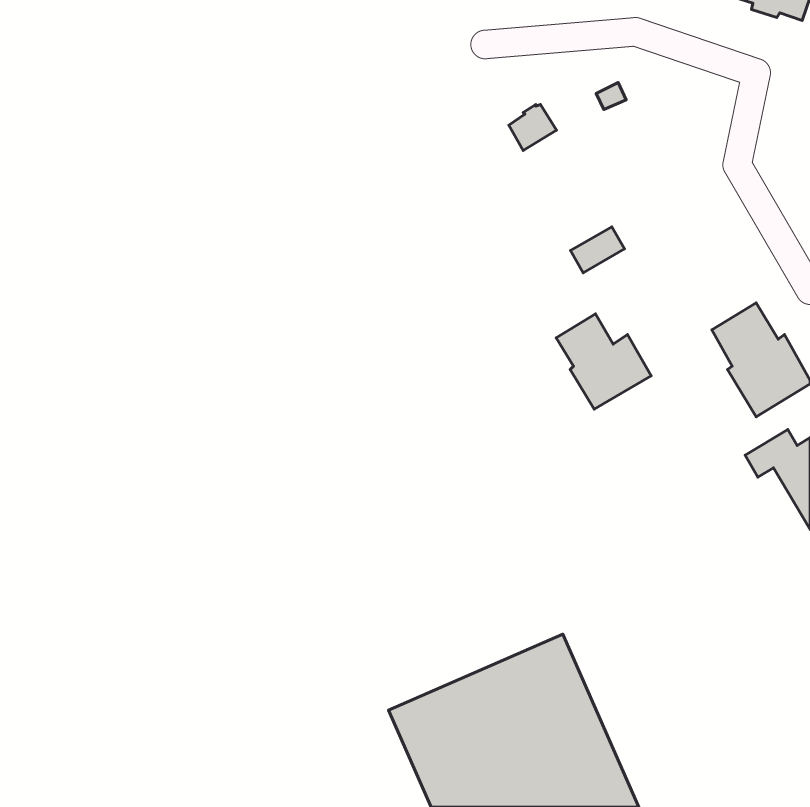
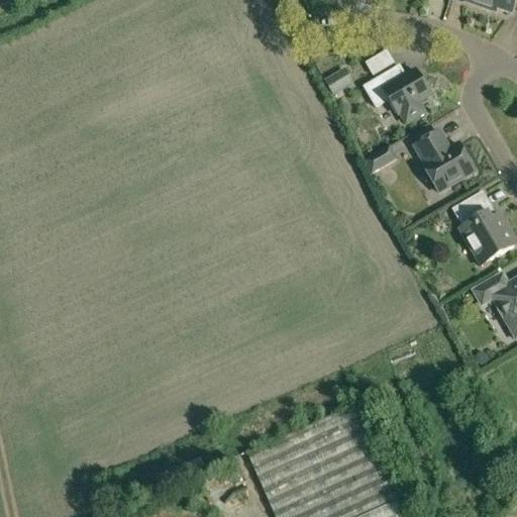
building: none -> [365,66,430,122]
building: [556,314,651,409] -> [414,130,475,191]

